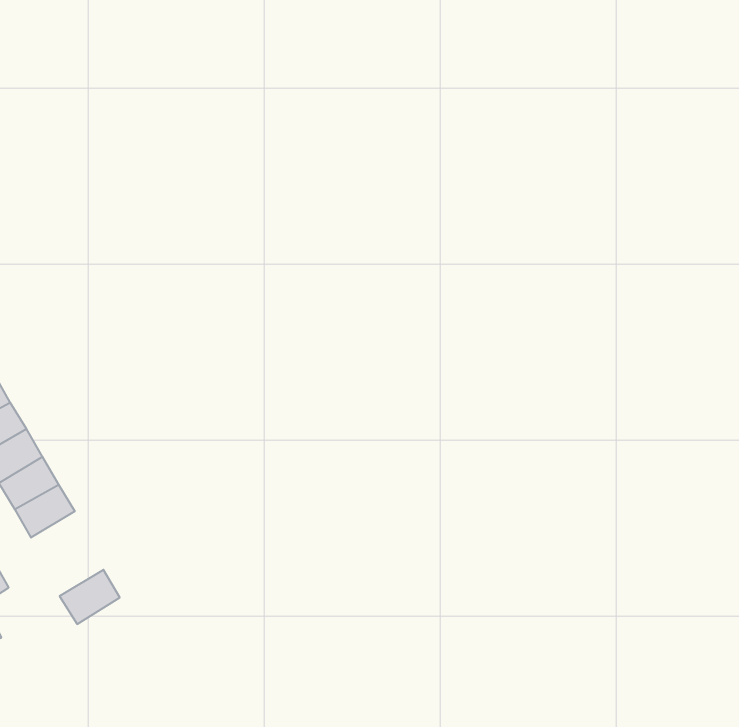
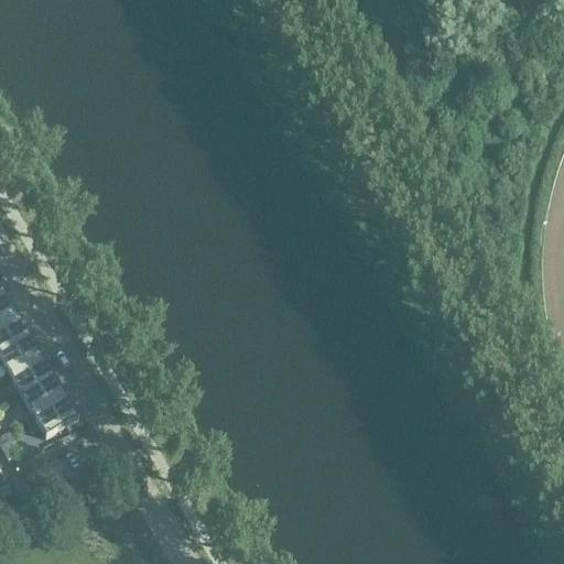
building: [60,570,120,624] -> [23,383,68,424]

